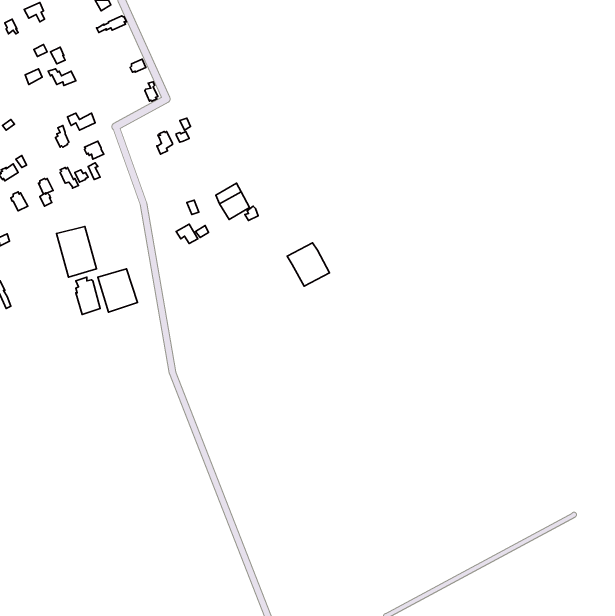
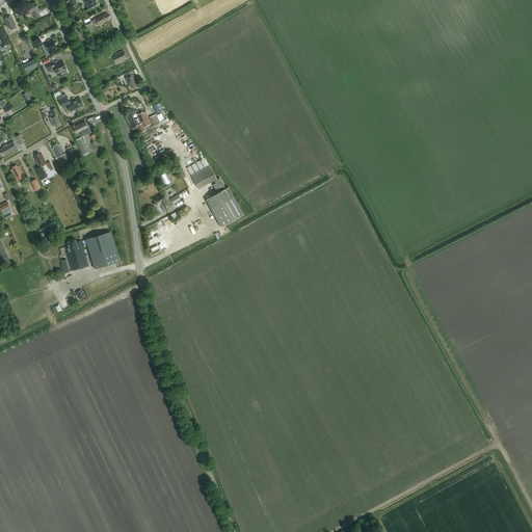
building: [56,226,96,277] -> none
building: [287,243,329,286] -> [205,188,241,225]

